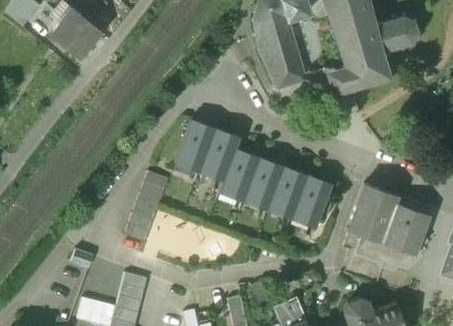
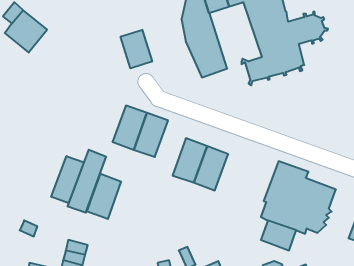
building: none -> [121,30,152,68]
building: [220,148,260,200] -> [87,174,121,219]
building: [293,176,332,226] -> none
building: none -> [51,156,84,203]

